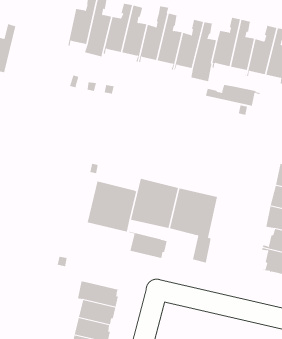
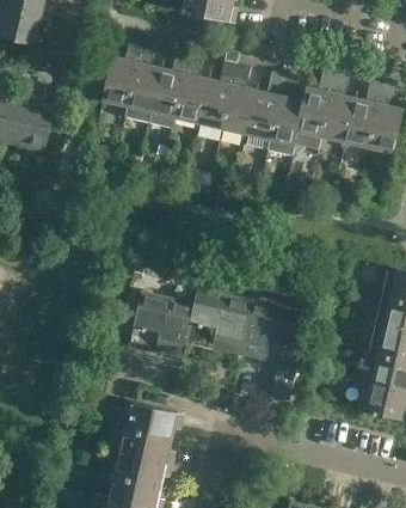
building: none -> [17,82,50,152]
building: [205,84,260,106] -> none
building: [128,231,167,259] -> [124,402,178,439]

